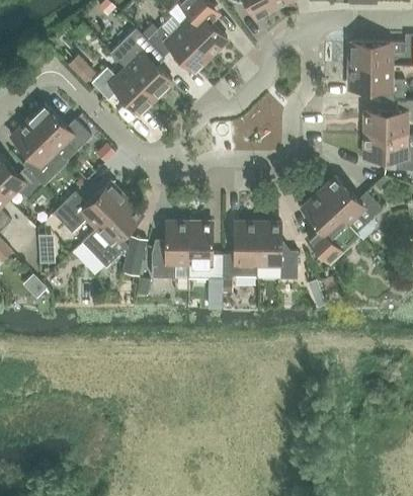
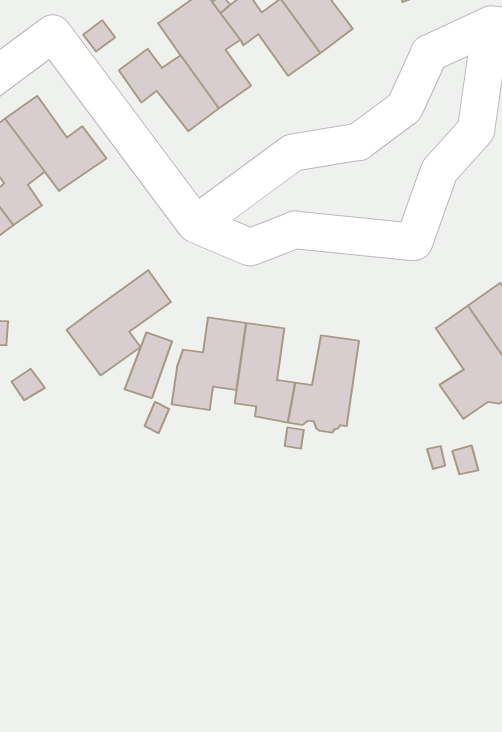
building: [53,182,126,233] -> none
building: [257,224,297,278] -> none

